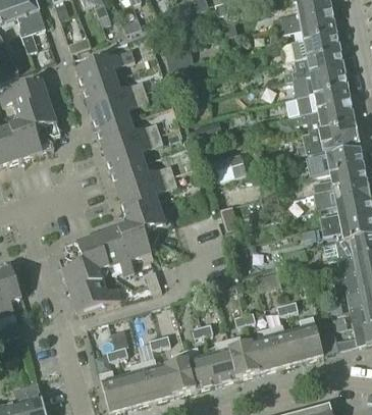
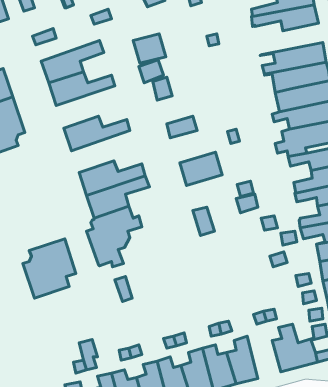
building: [280,32,340,61] -> none
building: [90,91,149,131] -> none
building: [104,133,163,172] -> none
building: [98,227,134,273] -> none
building: [69,279,119,313] -> none
building: [269,323,301,366] -> none

